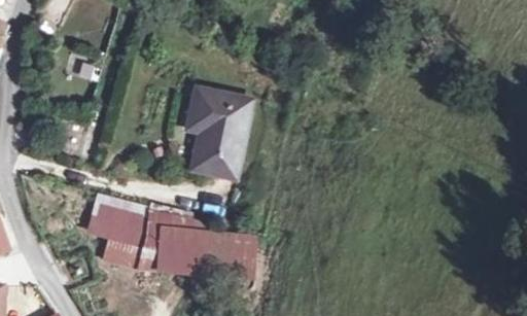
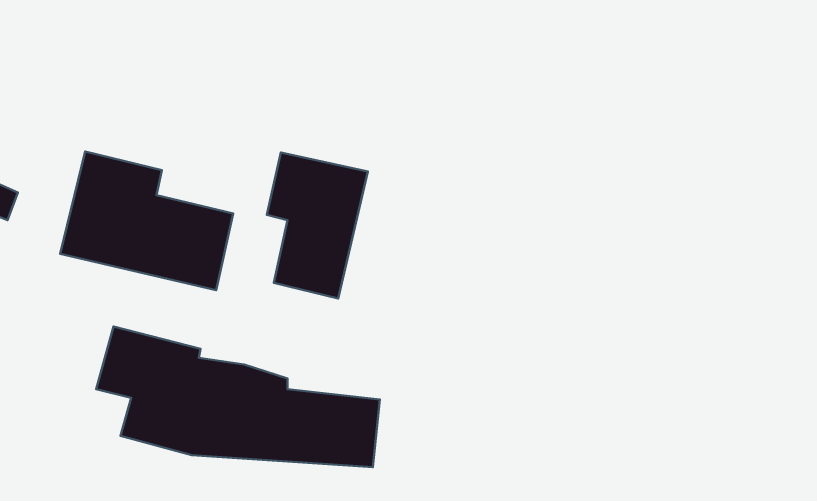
building: none -> [60,151,233,290]

